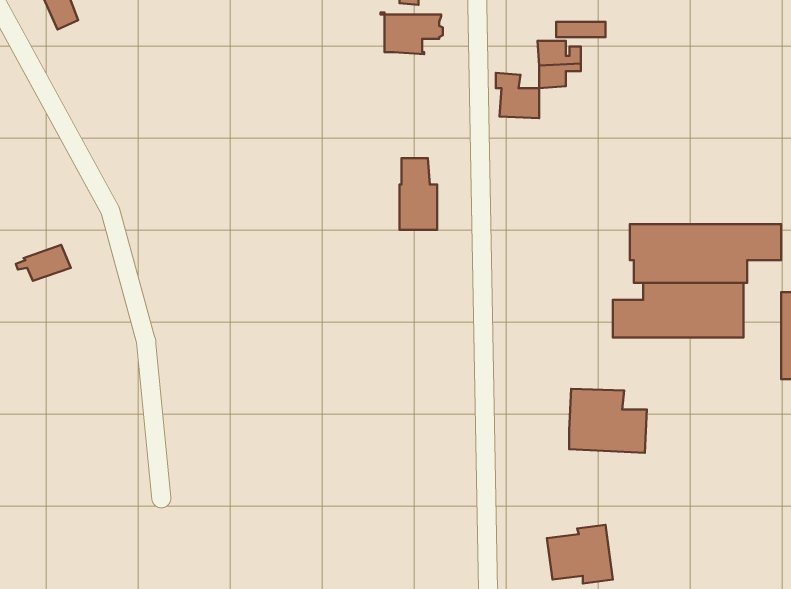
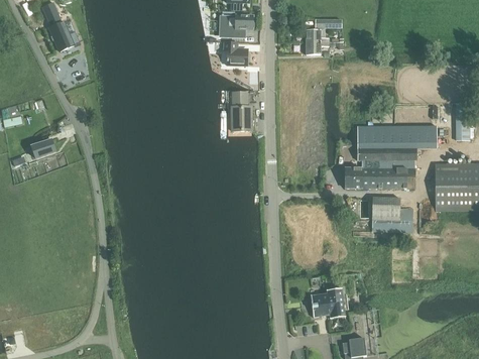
building: none -> [48,21,79,50]
building: [496,73,539,118] -> [224,41,247,66]
building: [569,389,647,453] -> [371,197,412,231]

